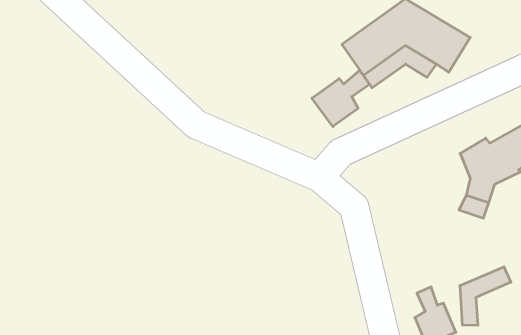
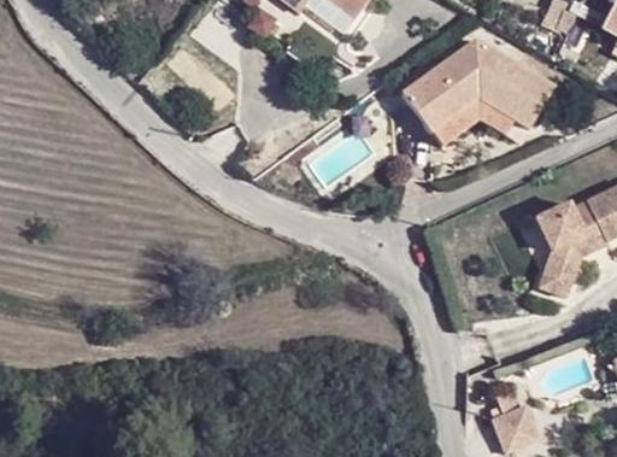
building: [312,70,370,127] -> none
building: [460,267,511,325] -> none

